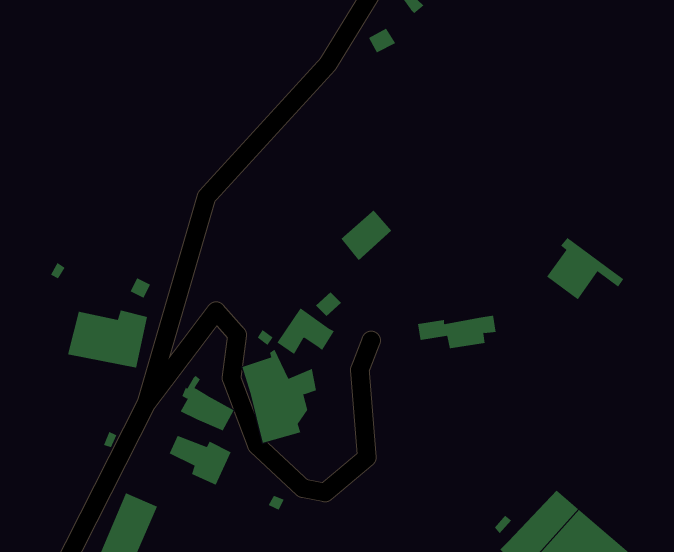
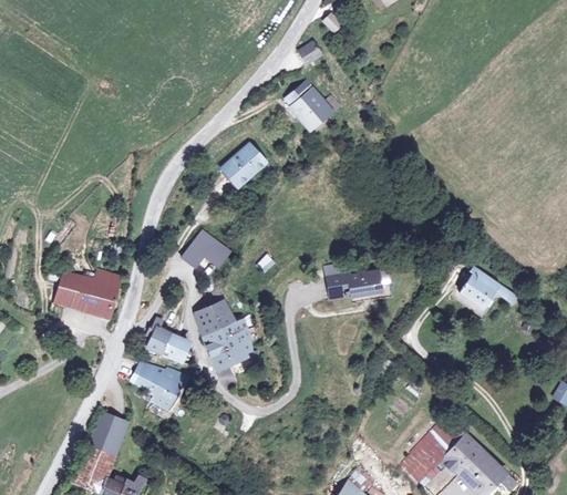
building: none -> [284,85,334,132]
building: [340,209,392,261] -> [220,145,261,186]
building: [546,237,624,300] -> [462,264,524,313]
building: [276,308,335,355] -> [183,230,229,268]

